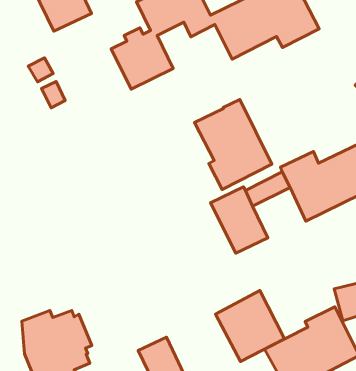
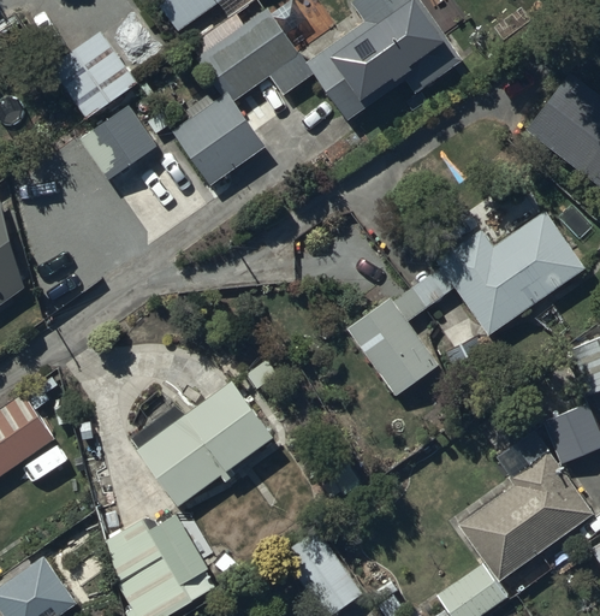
building: none -> [79,105,156,178]
building: [194,100,272,190] -> none
building: none -> [129,377,277,504]
building: [216,291,284,362] -> none

